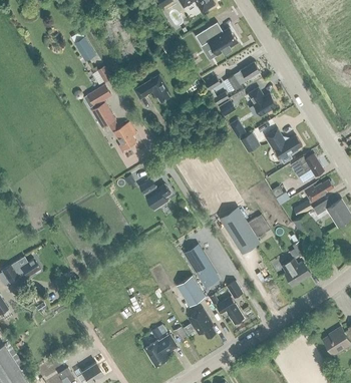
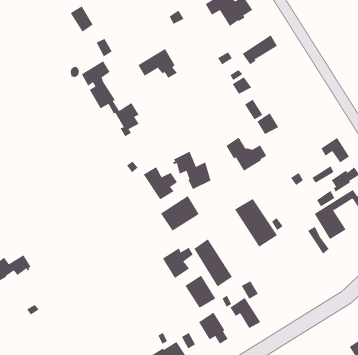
building: [248,87,277,115] -> none
building: [265,128,302,159] -> [226,137,267,172]
building: none -> [172,151,211,190]
building: none -> [160,195,200,231]
building: none -> [162,247,194,279]
building: [282,259,310,286] -> none

